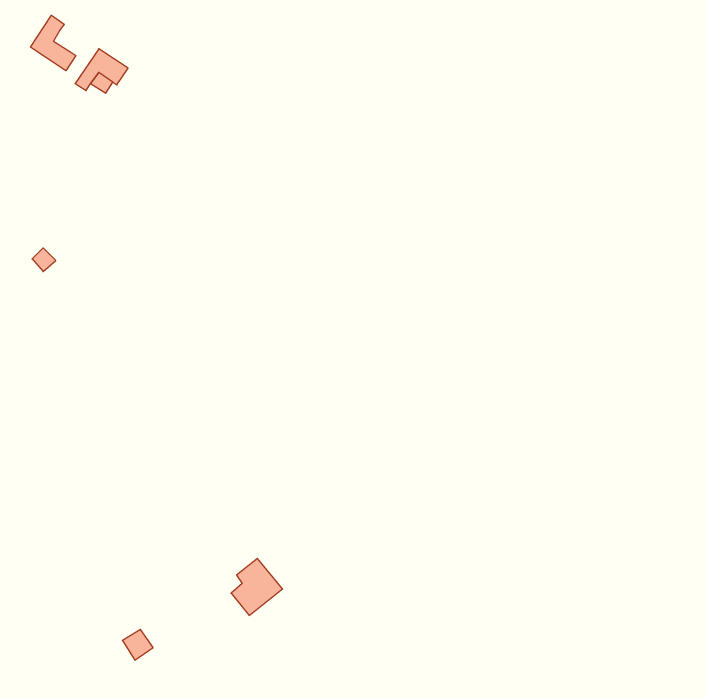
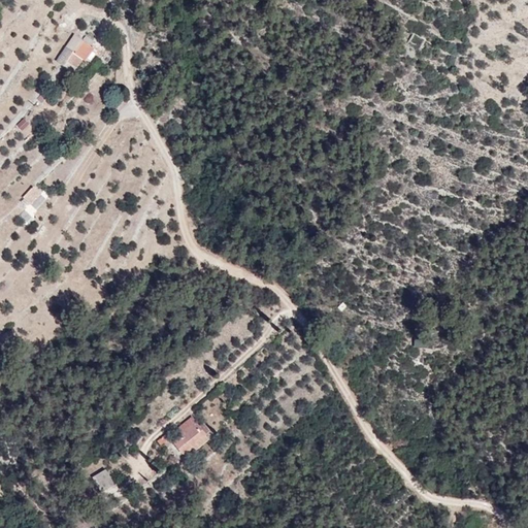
building: [31,15,76,71] -> none

